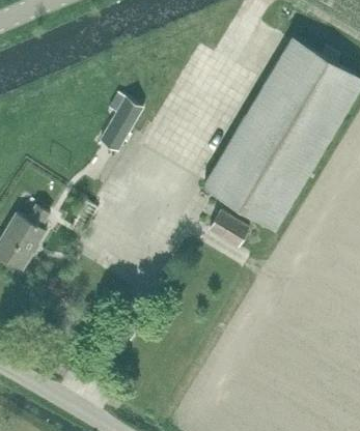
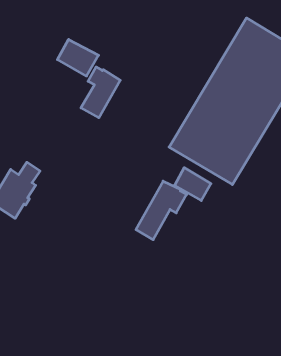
building: none -> [57,39,99,76]
building: none -> [136,181,187,240]

